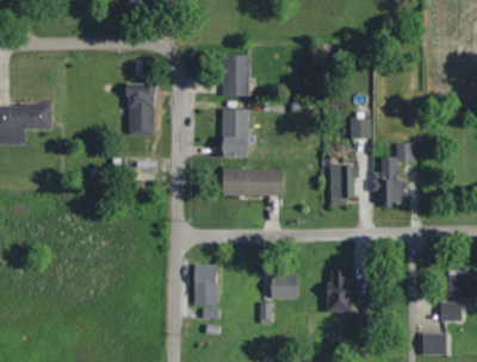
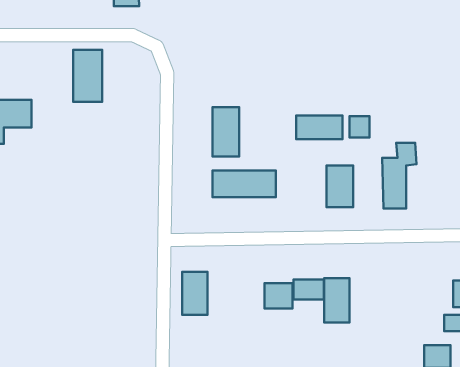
building: [223,55,249,96] -> none
building: [128,87,155,136] -> [73,50,102,102]
building: none -> [296,116,343,139]
building: none -> [293,280,324,300]

